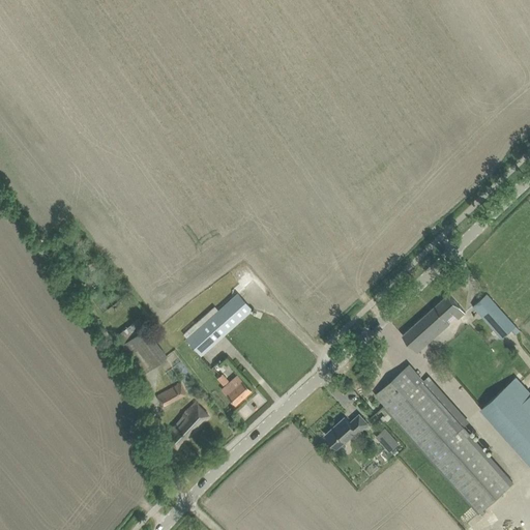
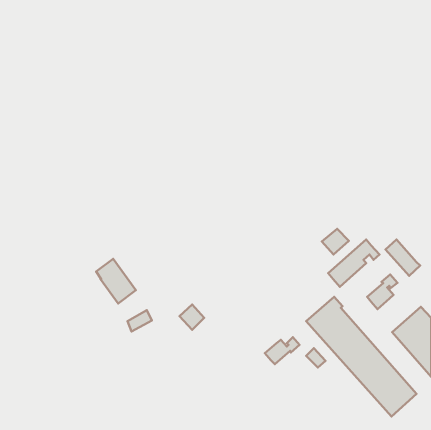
building: none -> [322,229,349,255]
building: [187,294,253,355] -> none
building: none -> [367,274,397,309]
building: [164,405,209,449] -> none

